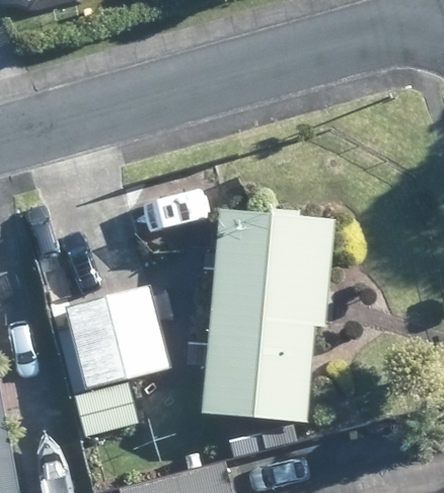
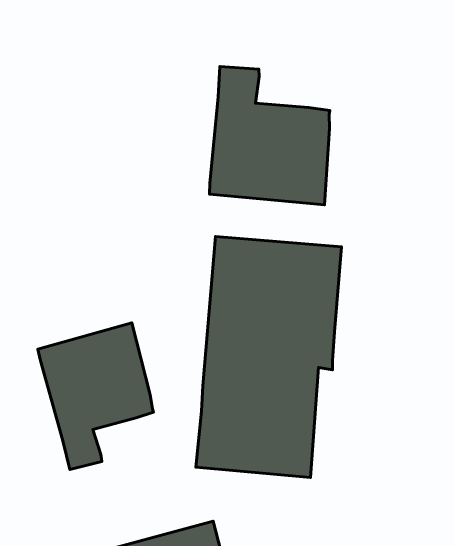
building: none -> [210,67,330,205]

